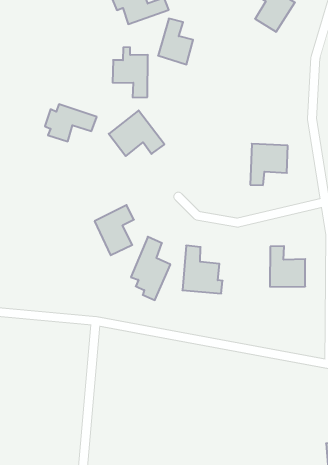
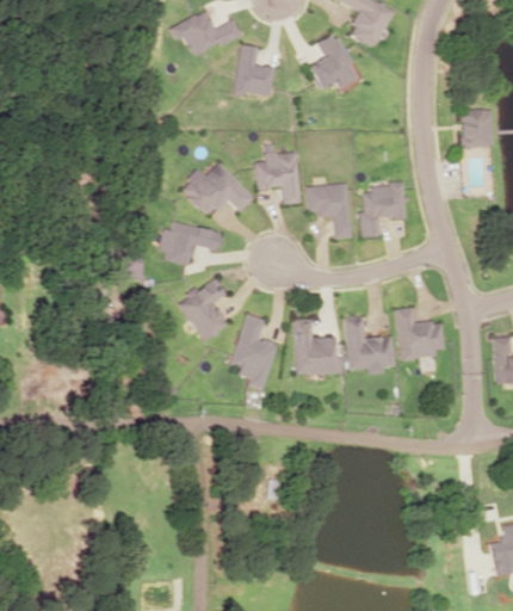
building: none -> [308,31,358,90]
building: [113,47,148,97] -> [255,143,302,204]
building: [45,104,97,141] -> [160,221,222,265]
building: none -> [307,181,352,239]
building: none -> [344,316,393,375]

